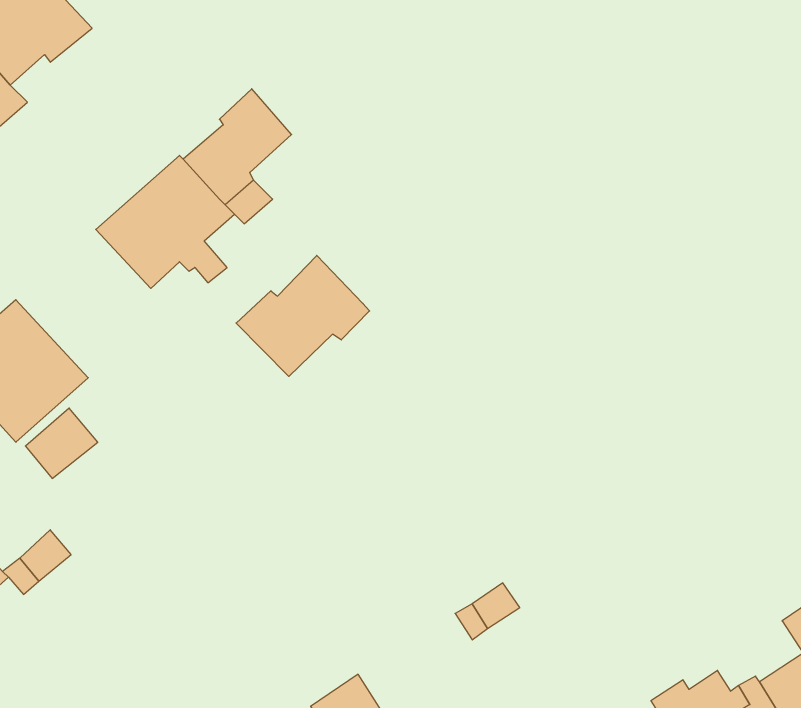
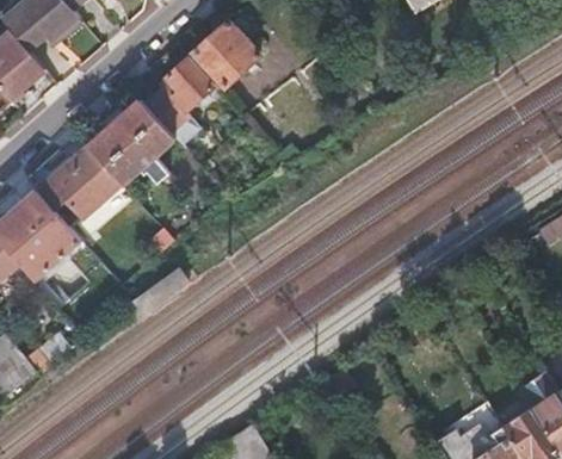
building: none -> [193,24,257,86]
building: none -> [47,148,121,221]
building: [236,255,370,376] -> none

